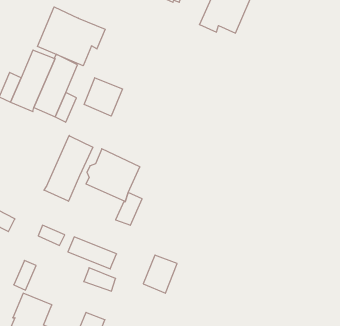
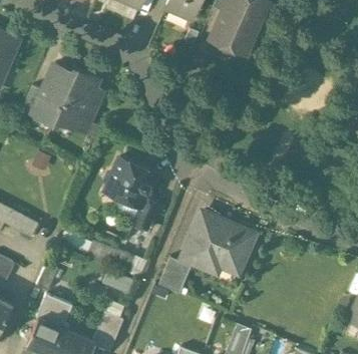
building: [38,7,105,66] -> none
building: [84,78,123,116] -> none
building: [44,135,93,201] -> none
building: none -> [183,212,254,269]

